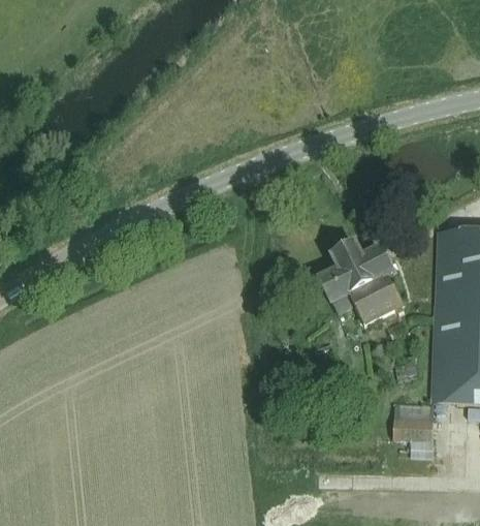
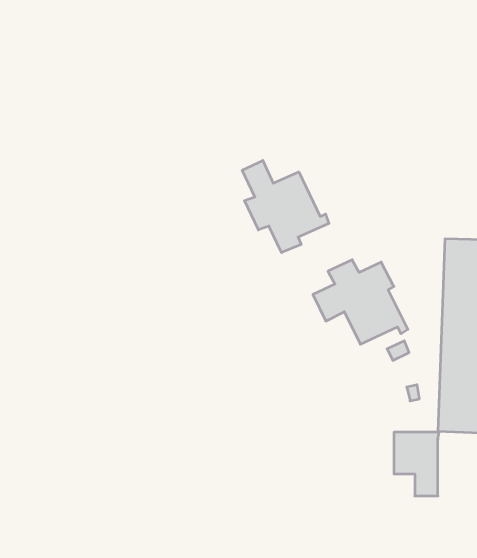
building: none -> [242,160,329,253]

